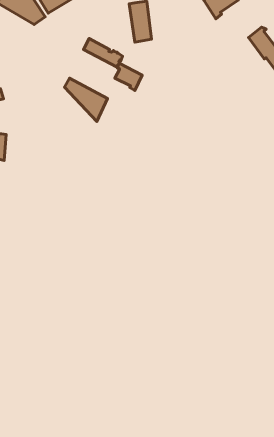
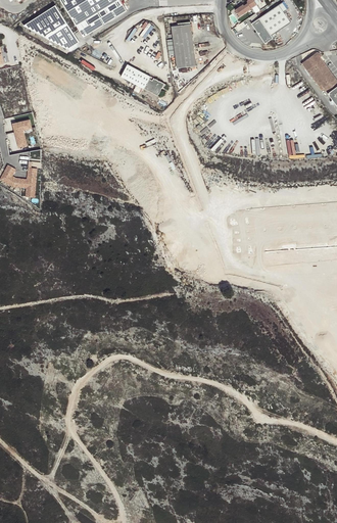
building: [115,63,142,90] -> none
building: [65,78,108,122] -> none

